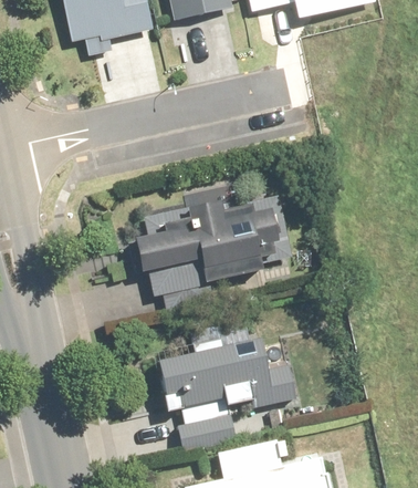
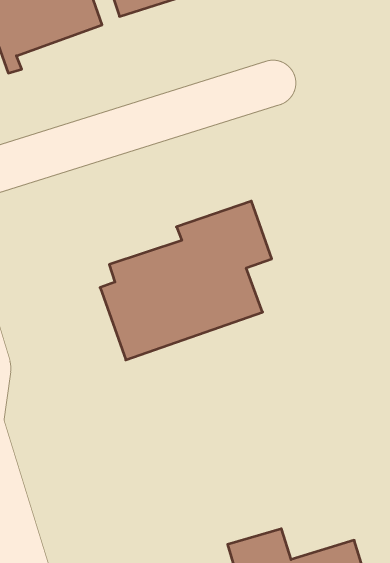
building: [158,333,297,446] -> none

